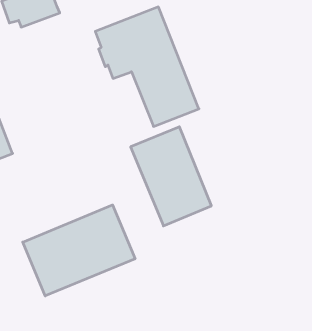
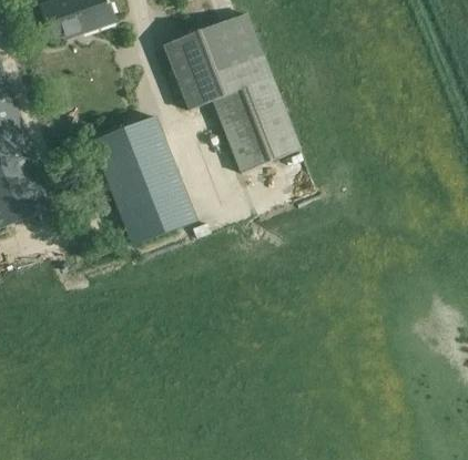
building: [131,127,211,226] -> [91,114,197,245]
building: [23,205,135,296] -> none

